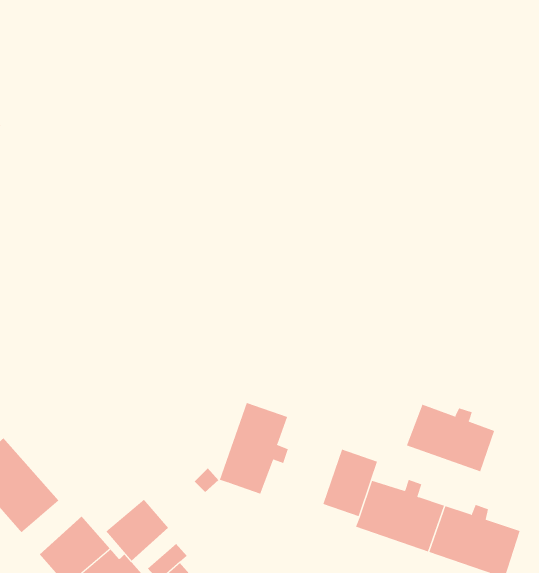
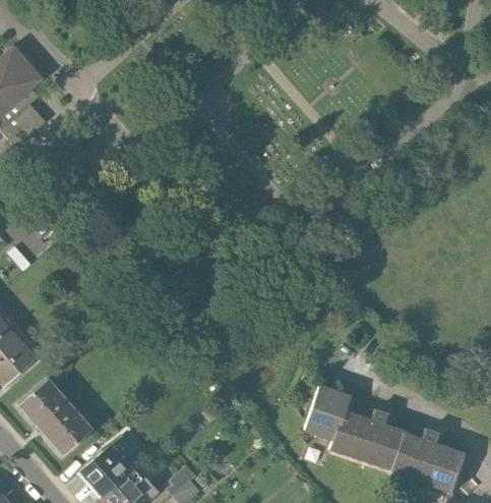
building: [219,402,288,495] -> none
building: [406,404,495,472] -> none
building: [105,499,169,561] -> none

